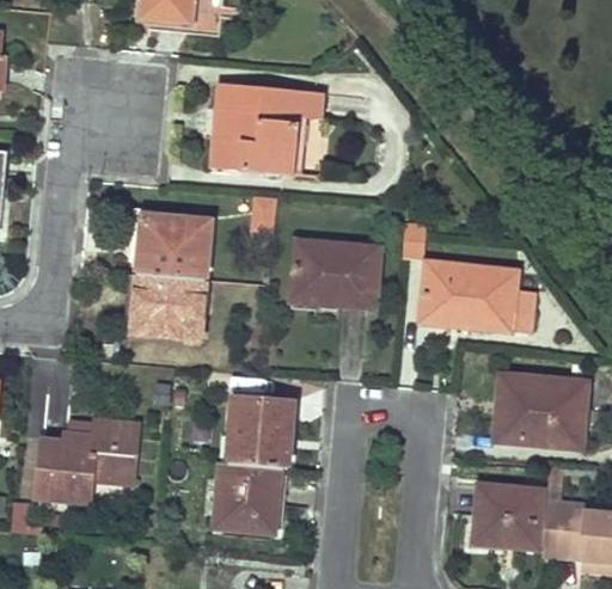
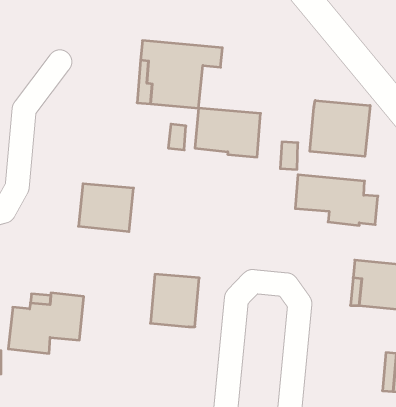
building: none -> [310,100,370,156]
building: [137,215,210,281] -> none
building: [292,241,380,307] -> [195,108,261,157]
building: [215,461,280,532] -> none
building: [472,484,544,548] -> none

